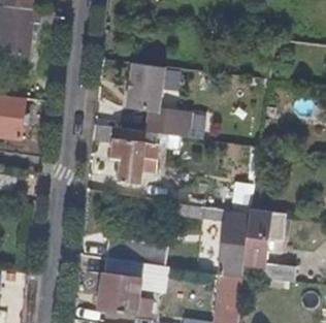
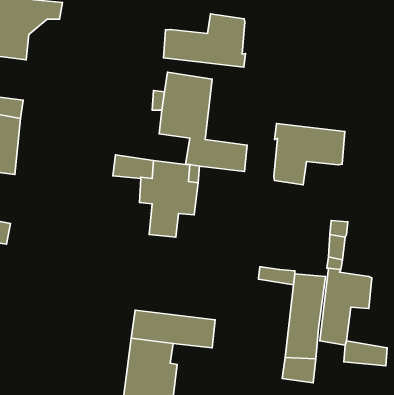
building: none -> [164,14,245,67]
building: none -> [274,124,345,185]

